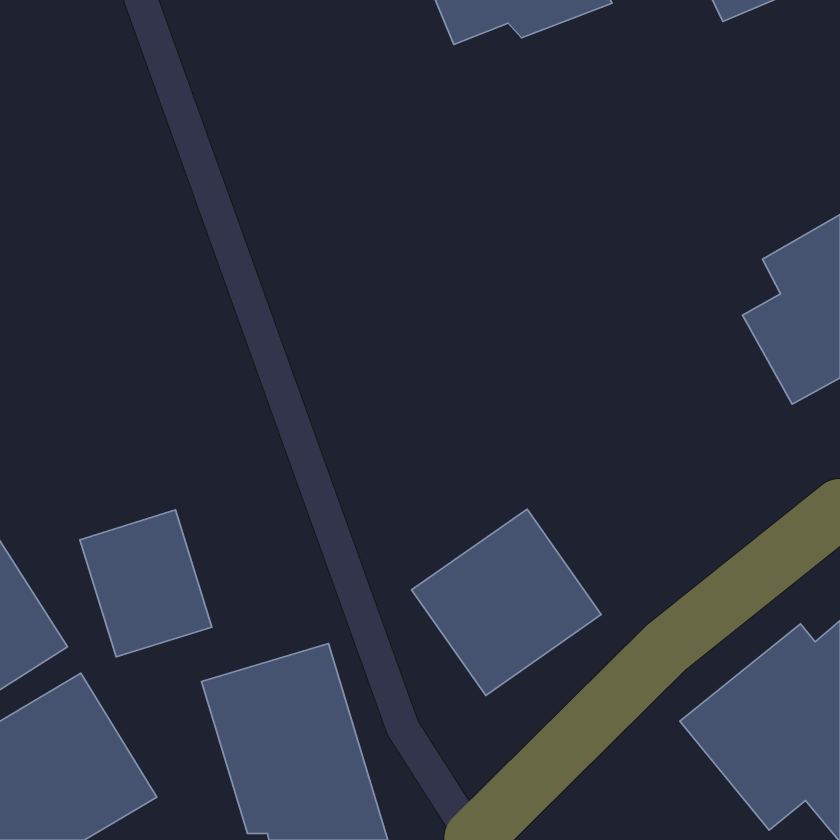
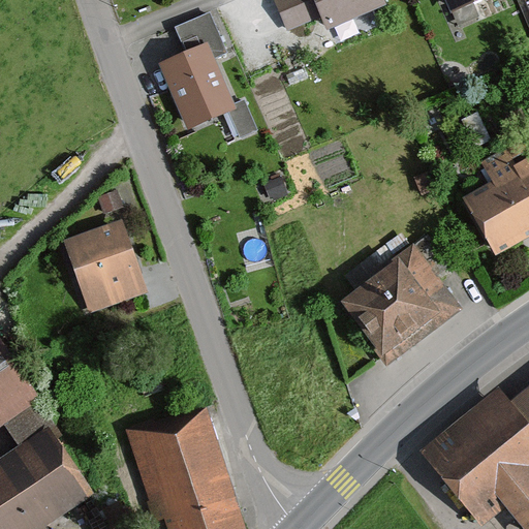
building: none -> [161,17,257,144]
building: [412,509,601,696] -> [341,245,460,362]
building: [80,510,212,657] -> [63,222,146,314]

